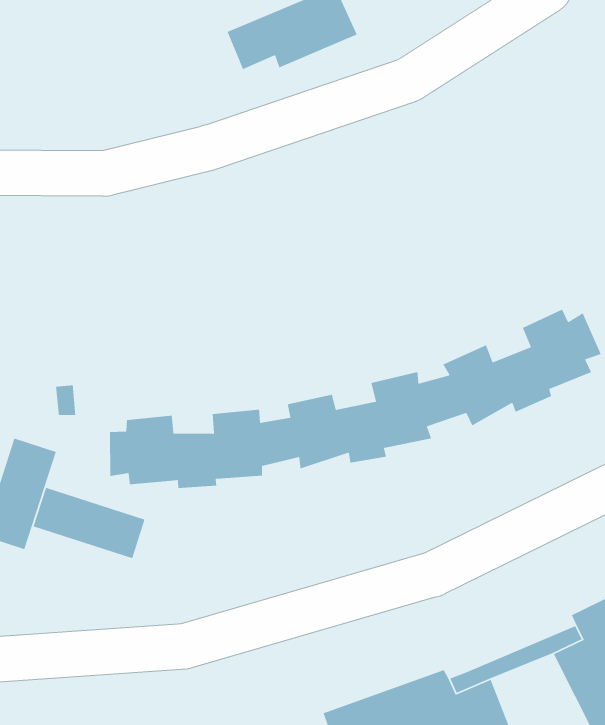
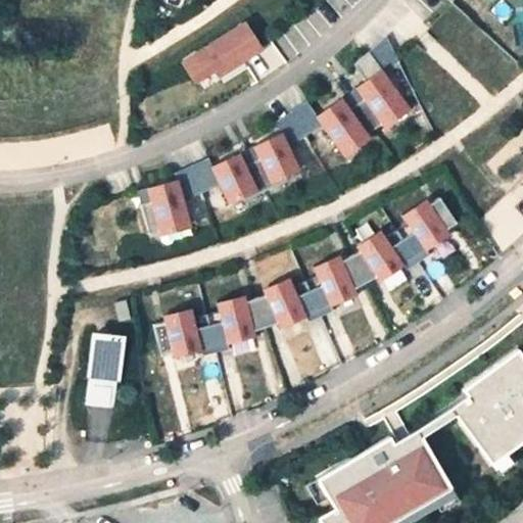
building: none -> [143,39,412,237]
building: [33,487,146,559] -> none

